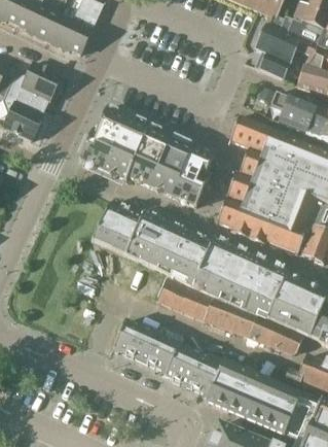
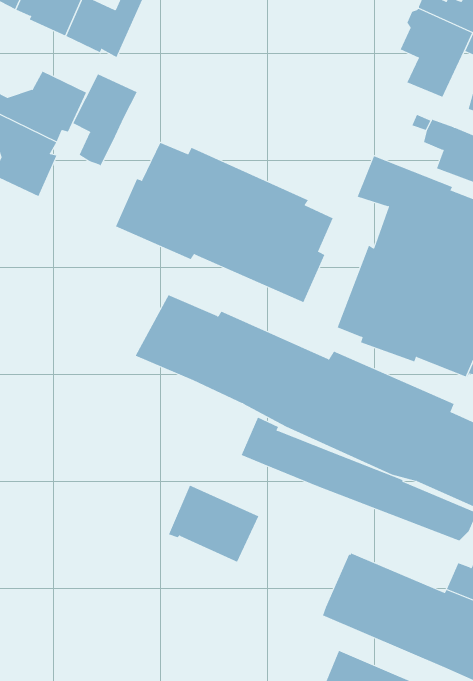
building: none -> [73,73,137,167]
building: [155,340,224,399] -> none

